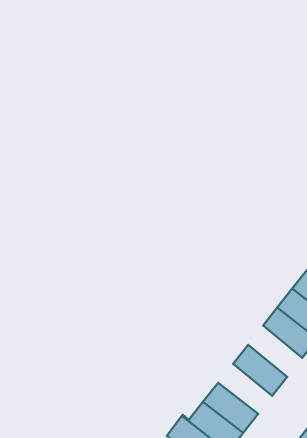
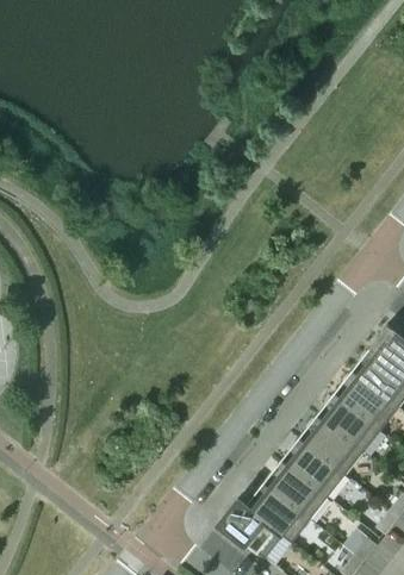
building: none -> [317,393,381,454]
building: none -> [281,438,346,498]

